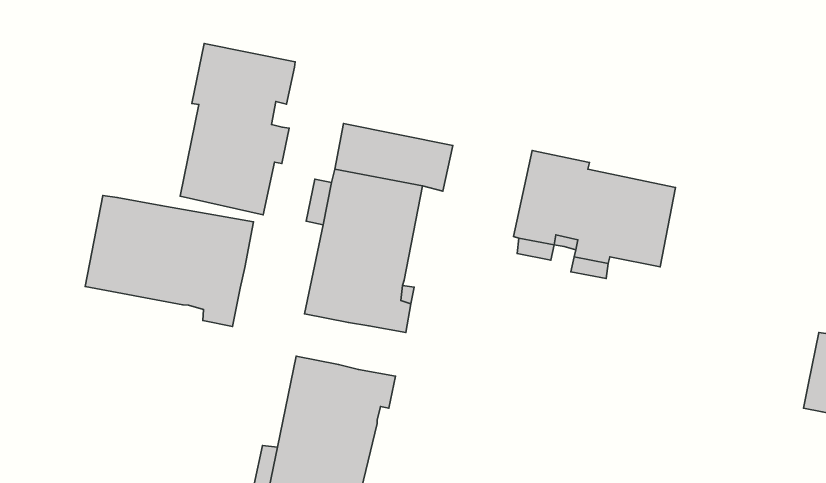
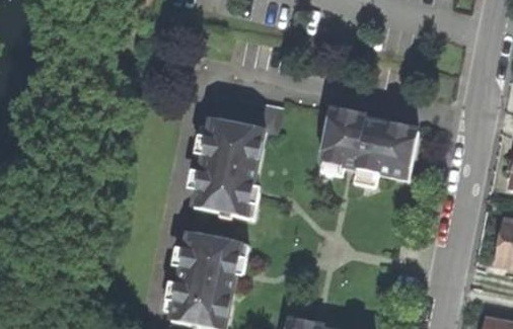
building: [180,44,295,215] -> none
building: [85,196,253,327] -> none

